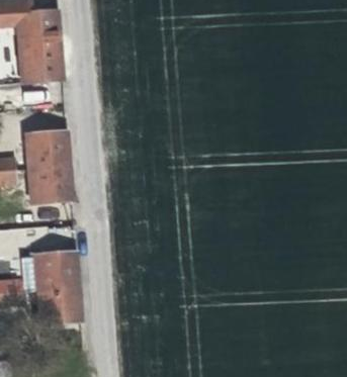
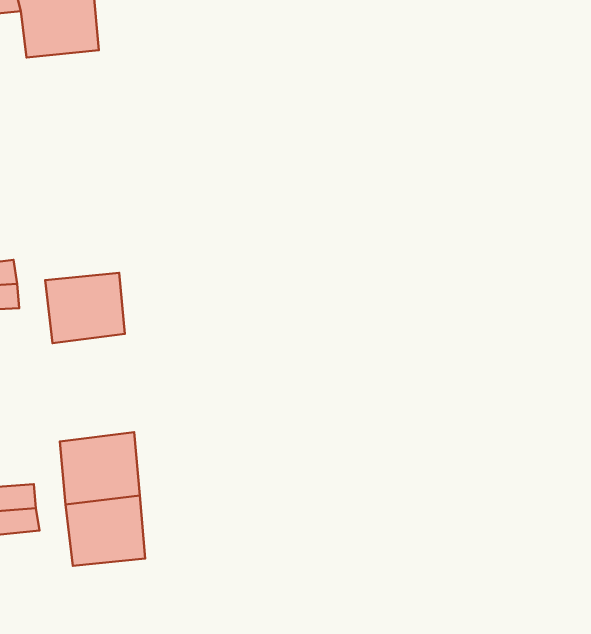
building: [18,42,61,81] -> none
building: [25,129,69,168] -> none

